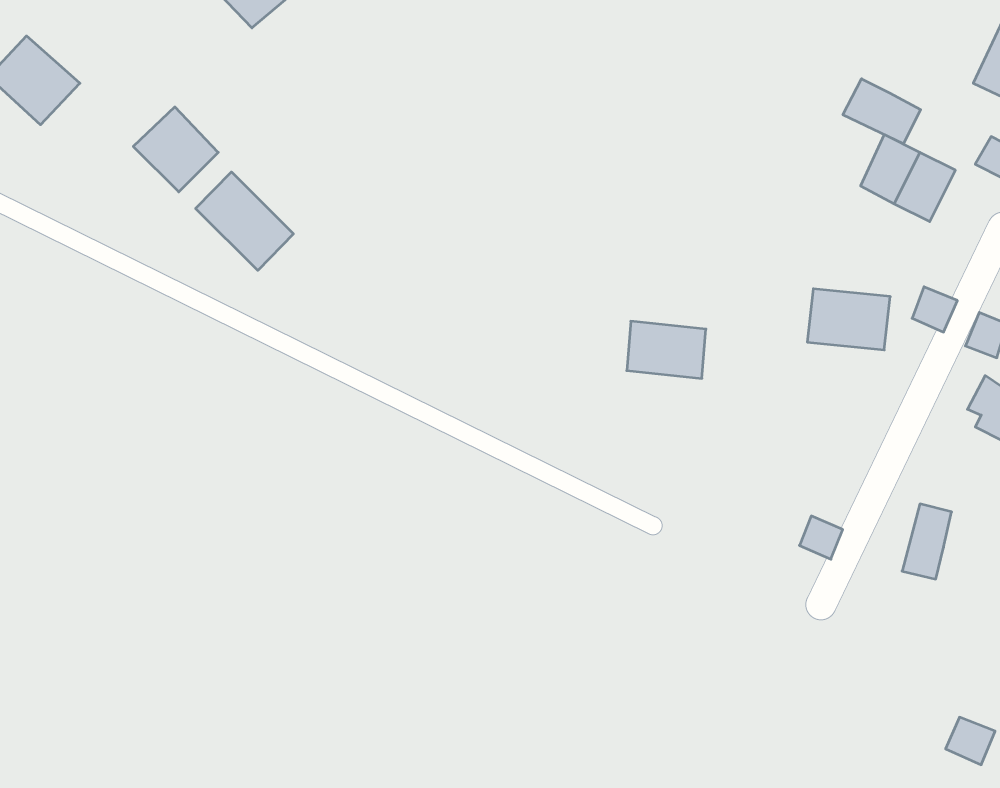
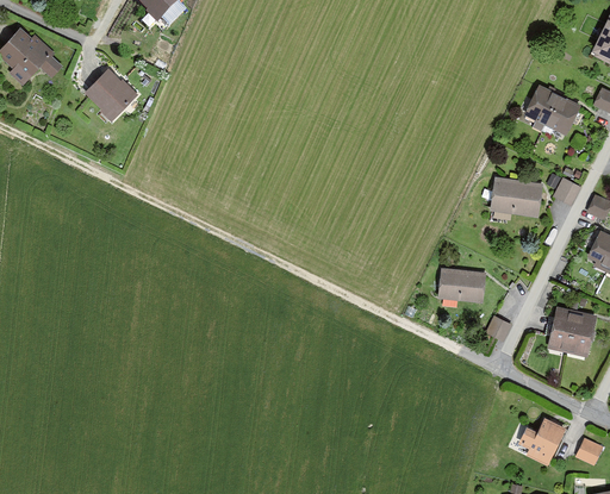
building: [843,79,921,144] -> none
building: [196,172,293,270] -> none
building: [627,321,706,378] -> [438,268,486,302]
building: none -> [568,312,599,358]
building: none -> [518,419,567,468]

